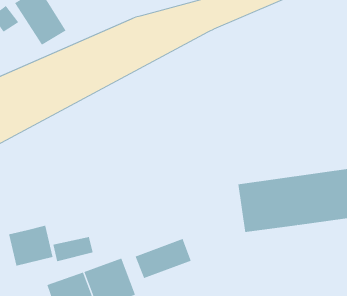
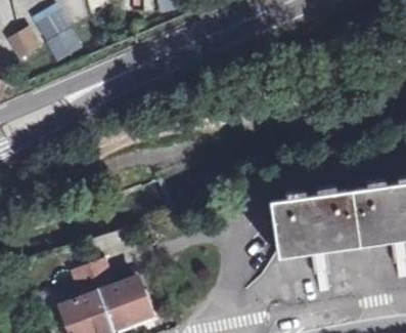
building: [8,225,53,266] -> none
building: [135,238,191,279] -> none

